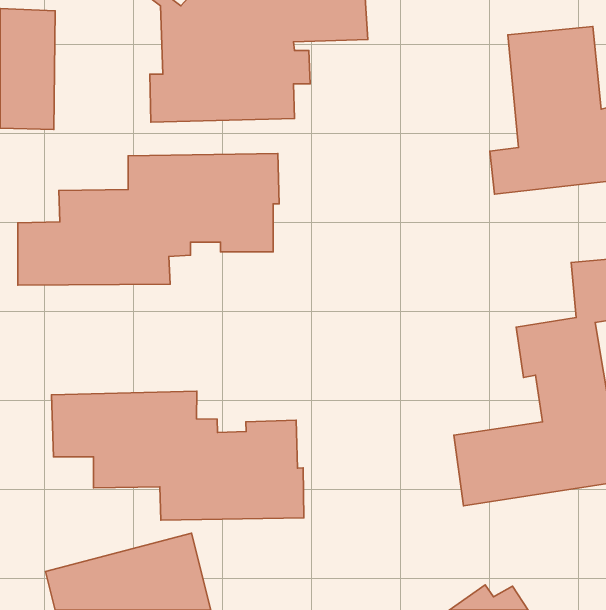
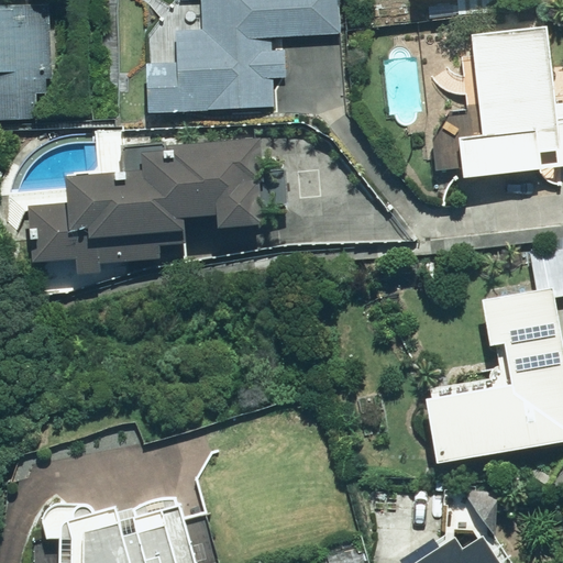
building: [52,391,304,520] -> none

